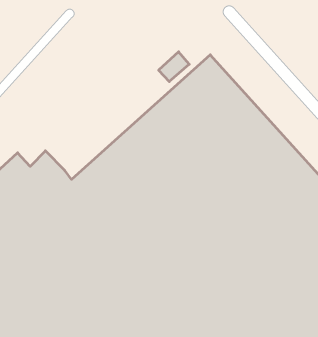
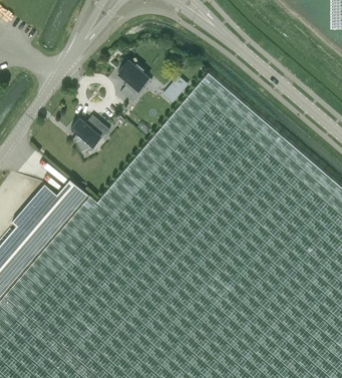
building: none -> [117,61,147,104]
building: none -> [69,116,108,152]

